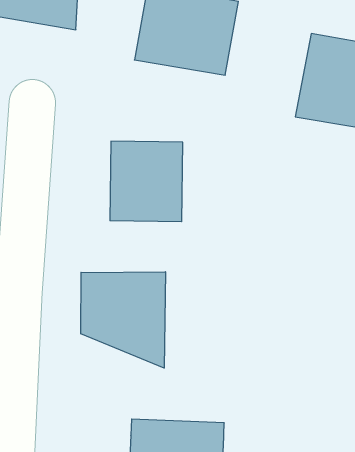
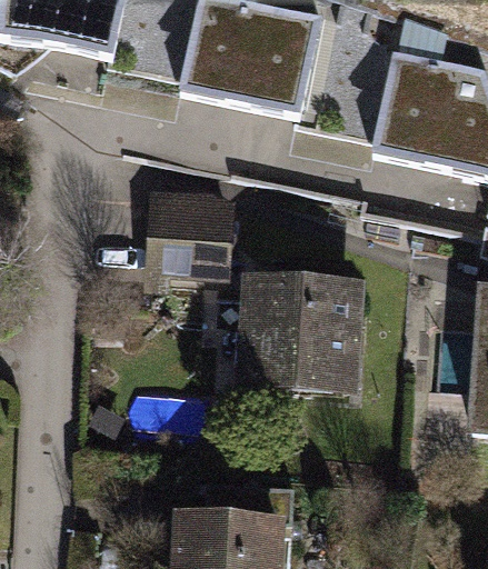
building: none -> [250,270,367,385]
building: [81,272,165,368] -> none

